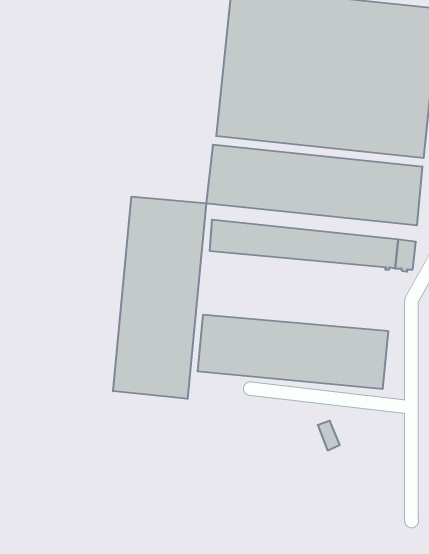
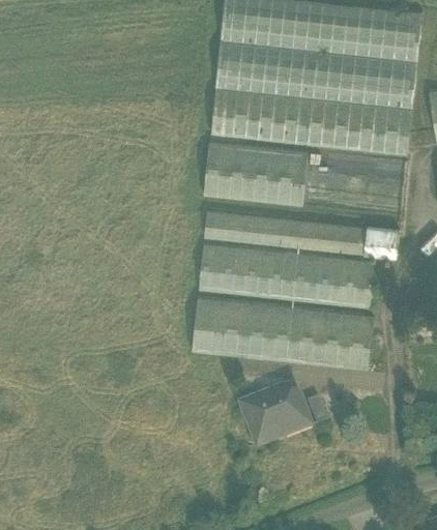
building: [113,197,206,399] -> none
building: none -> [200,242,378,306]
building: none -> [243,384,310,439]

